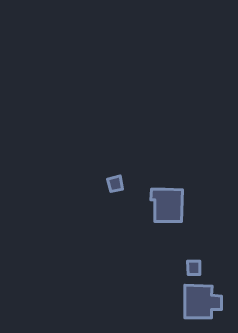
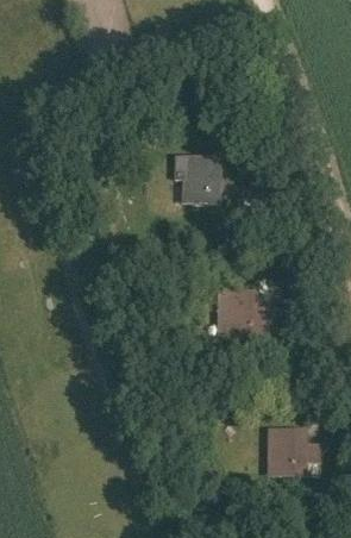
building: none -> [177,156,222,204]

